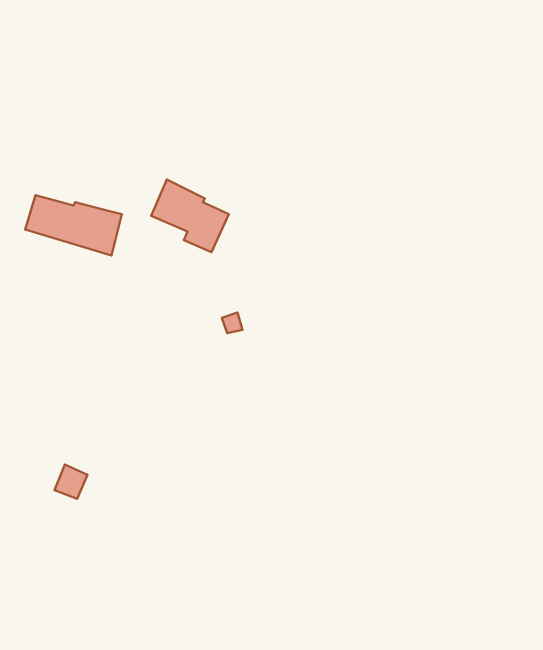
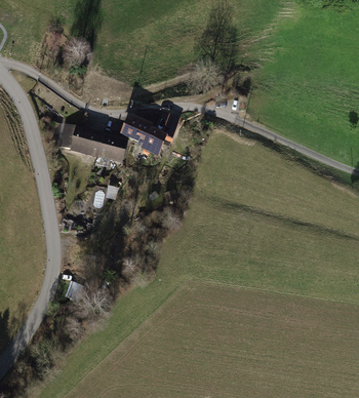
building: none -> [96,132,127,163]

